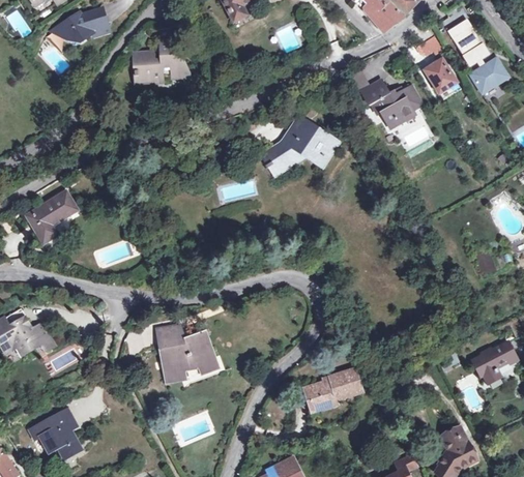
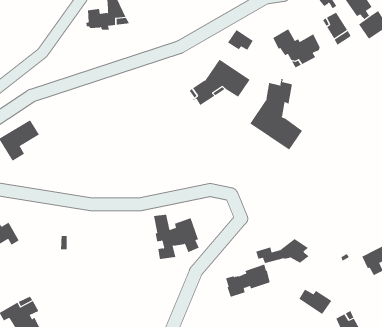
building: none -> [227,29,254,50]
building: none -> [250,78,303,150]
building: [158,326,215,382] -> [153,214,200,260]
building: none -> [256,238,310,264]
building: none -> [299,289,332,315]

